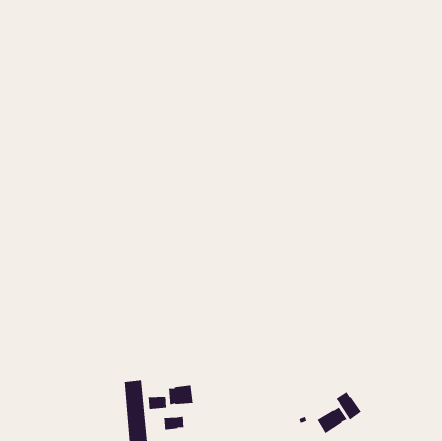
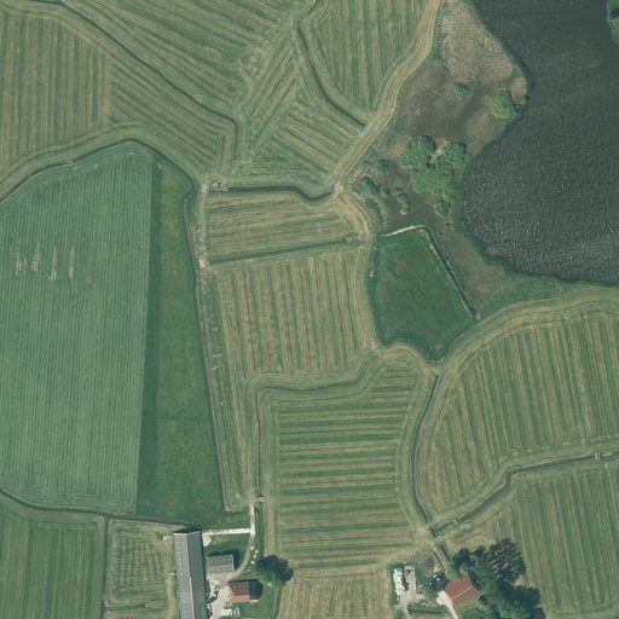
building: [168,385,194,405] -> none
building: [335,391,362,421] -> none

